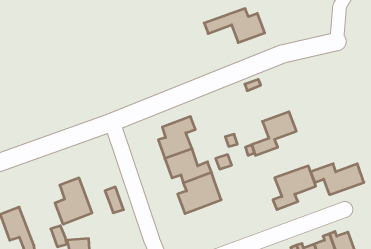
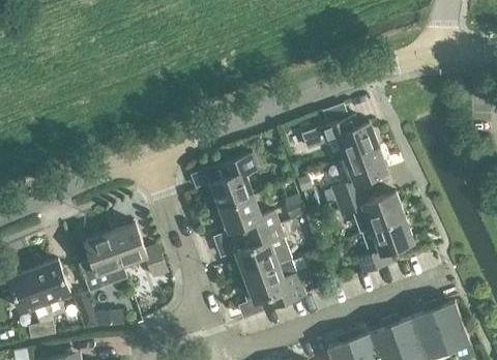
building: [204,9,265,43] -> [301,116,379,159]
building: [311,164,364,194] -> [335,192,404,232]
building: none -> [110,223,146,265]
building: none -> [33,260,70,318]
building: none -> [245,260,304,309]

